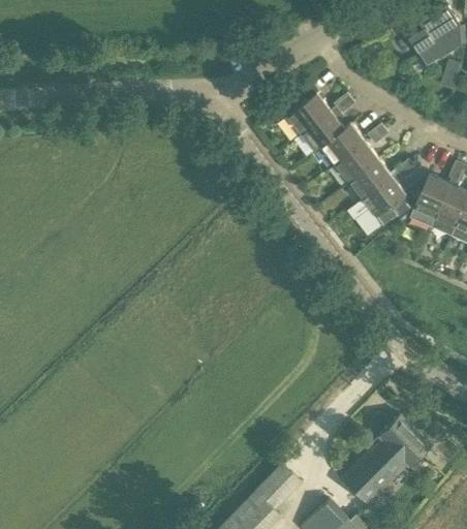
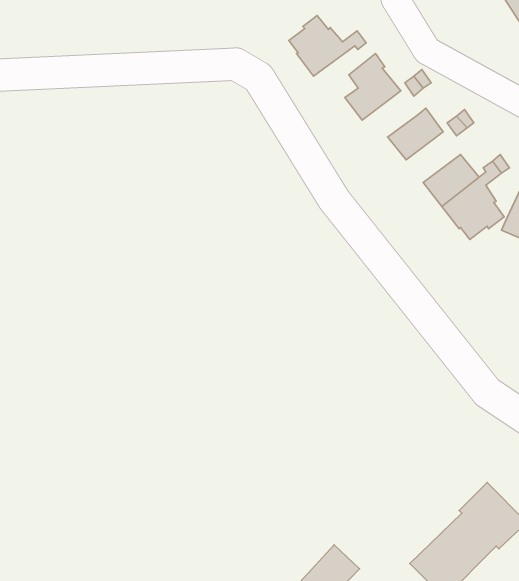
building: none -> [289,15,366,76]
building: [302,111,345,152] -> none
building: [336,143,378,182] -> none

